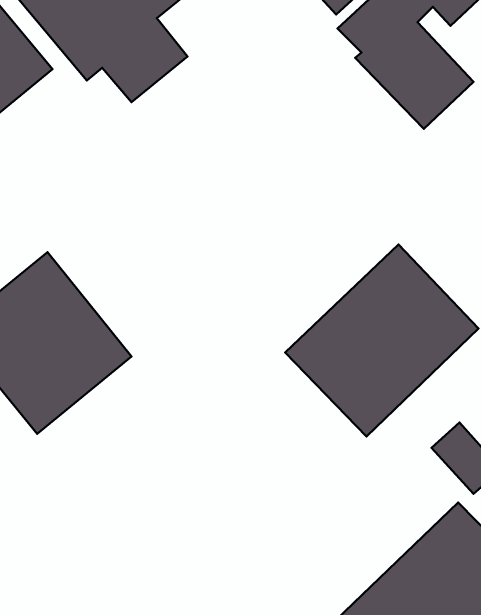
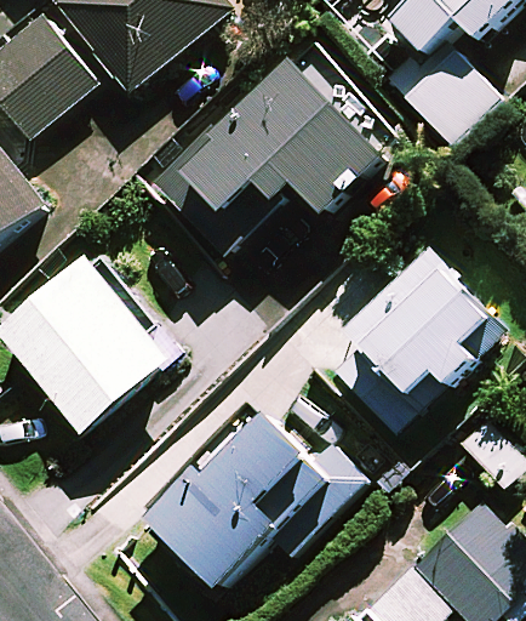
building: none -> [153,58,383,257]
building: none -> [150,414,348,583]

